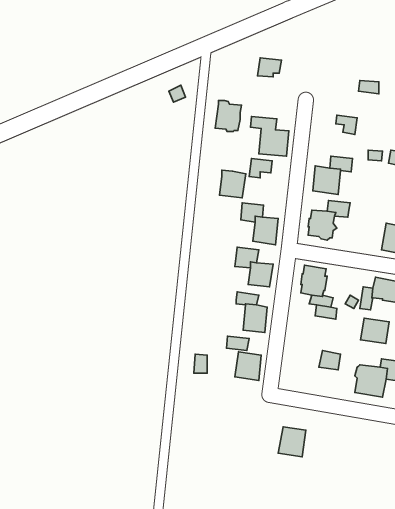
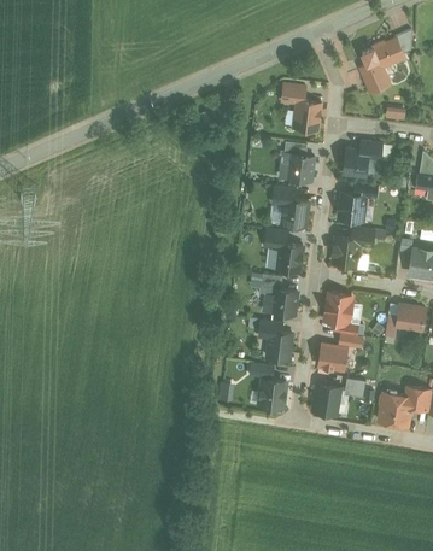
building: none -> [356,36,402,93]
building: [215,100,241,132] -> [293,99,320,130]
building: none -> [343,148,368,176]
building: [219,170,246,198] -> [281,198,308,225]
building: [360,318,389,343] -> [317,344,346,369]
building: [278,427,306,457] -> [312,383,340,414]

